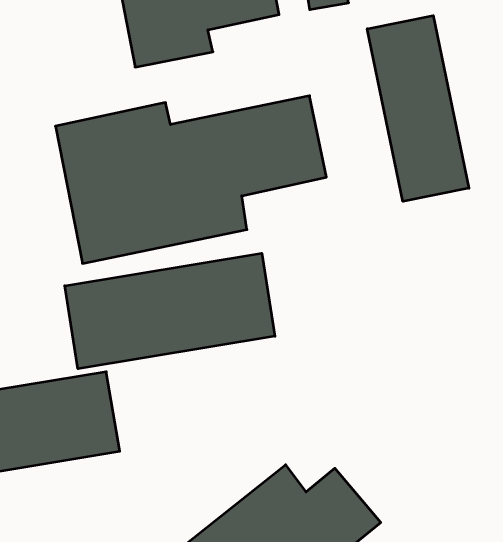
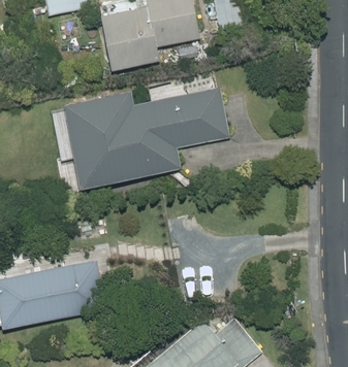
building: [367,16,469,201] -> none
building: [65,253,275,369] -> none

